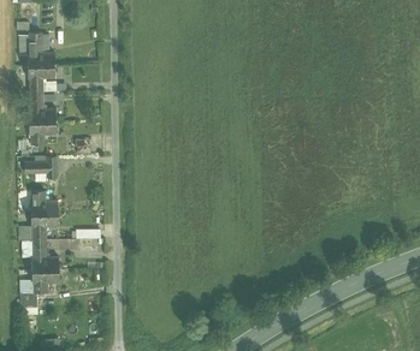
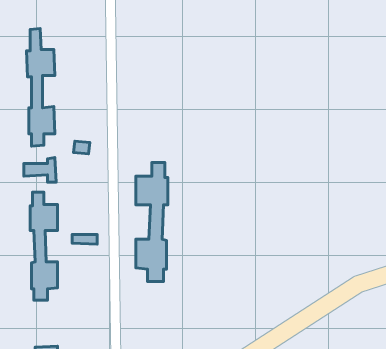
building: none -> [136,163,168,281]

